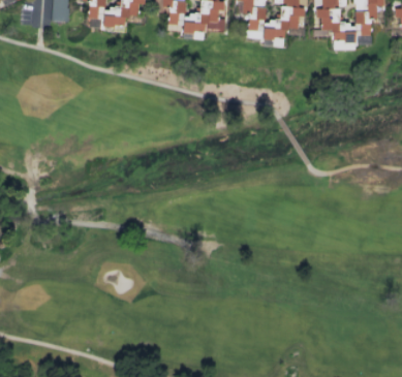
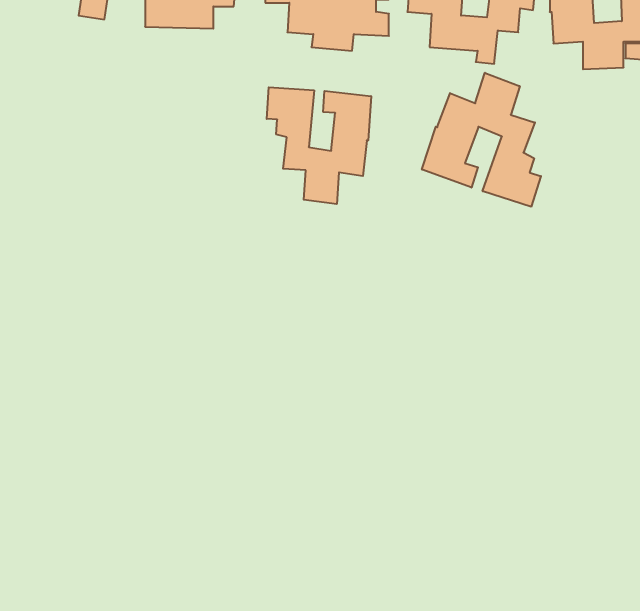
building: none -> [422,73,541,207]
building: none -> [267,87,371,204]

